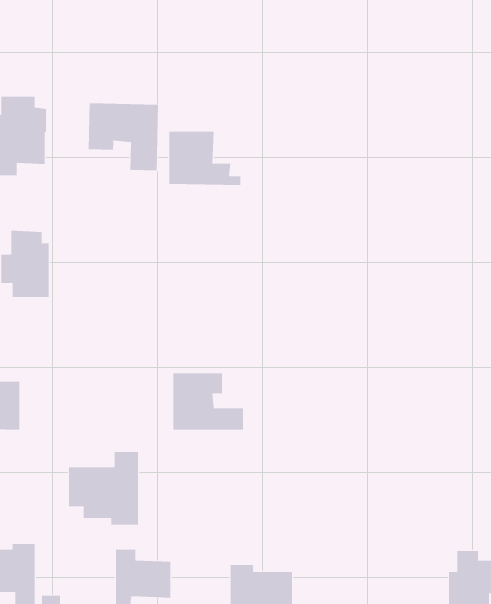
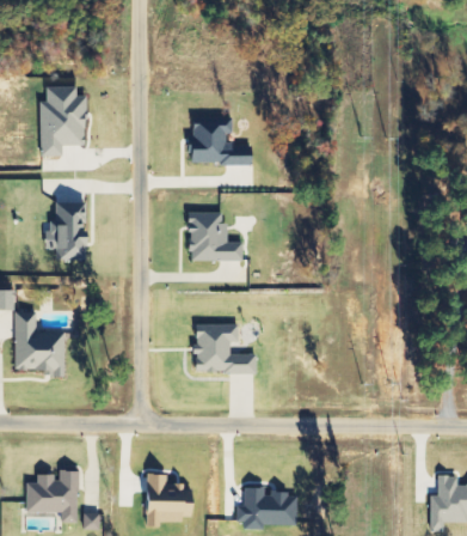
building: [88,102,159,171] -> none
building: none -> [189,211,242,260]
building: [69,451,138,526] -> none

